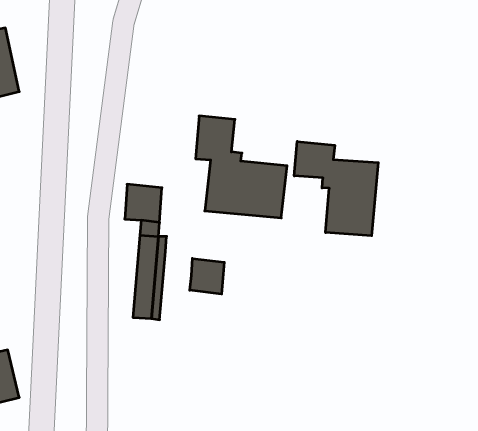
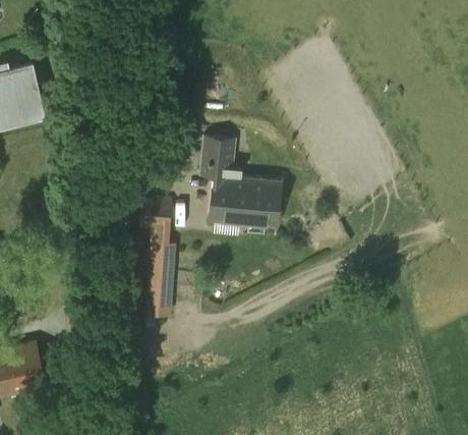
building: [294,141,378,236] -> none
building: [190,258,224,294] -> none

